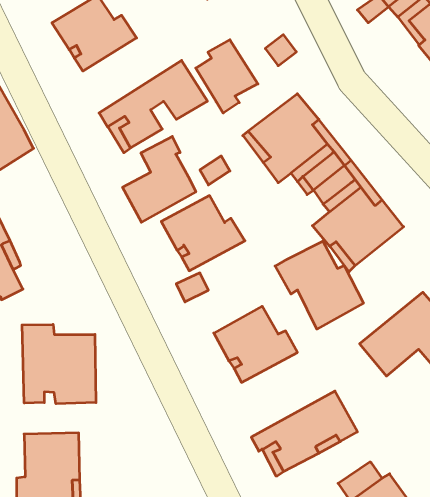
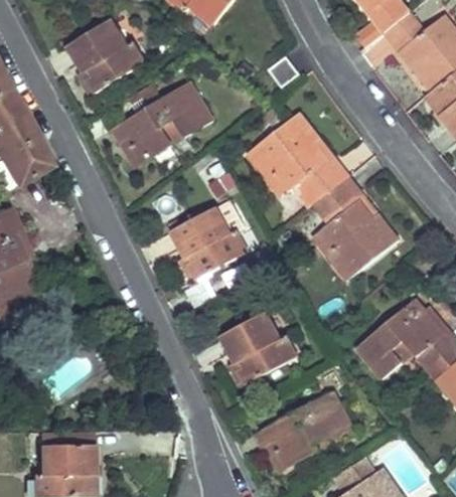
building: [196,40,258,113] -> none
building: [123,136,196,222] -> none
building: [275,241,363,329] -> none
building: [22,324,96,404] -> none

